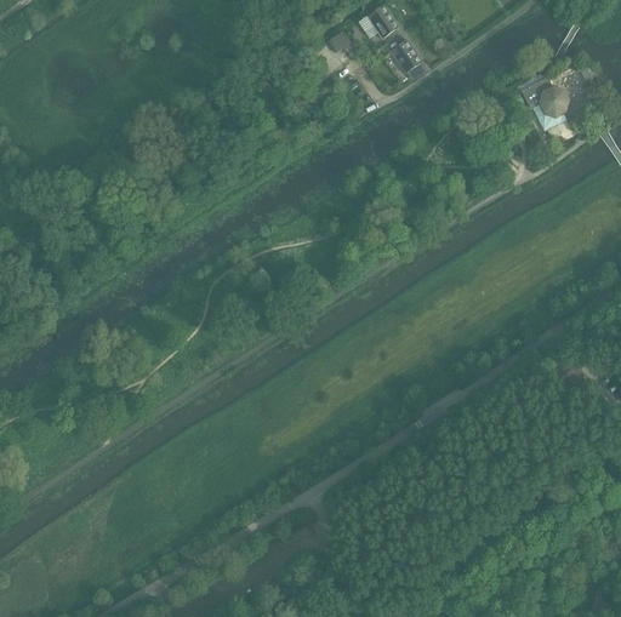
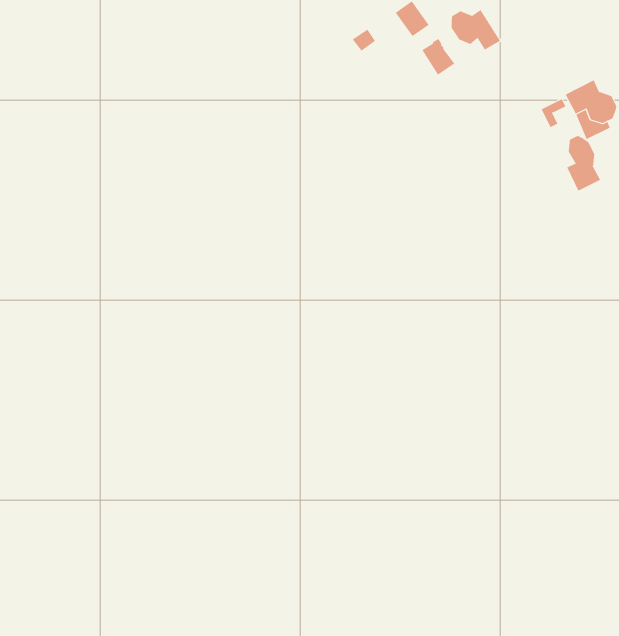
building: none -> [451,9,501,50]
building: none -> [567,135,601,191]

